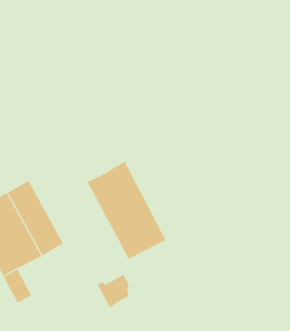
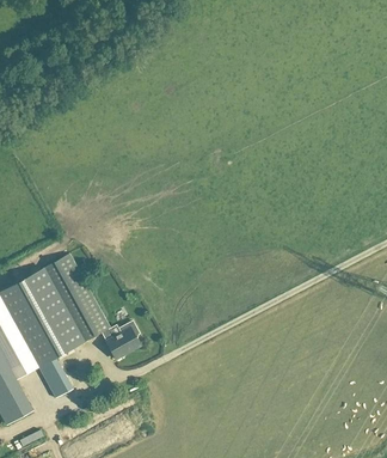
building: [87,161,166,260] -> none
building: [97,274,130,308] -> [100,320,139,360]

